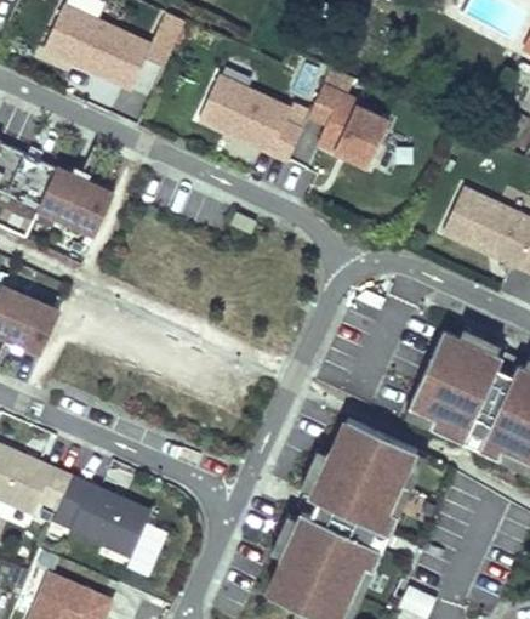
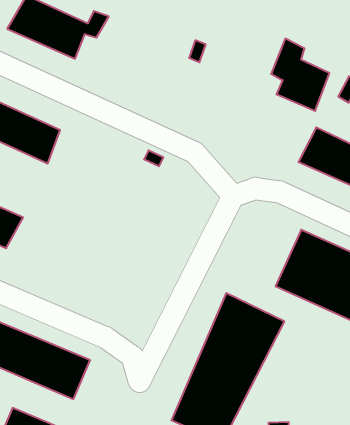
building: [310,72,391,171] -> [271,39,329,111]
building: [195,74,307,161] -> none

